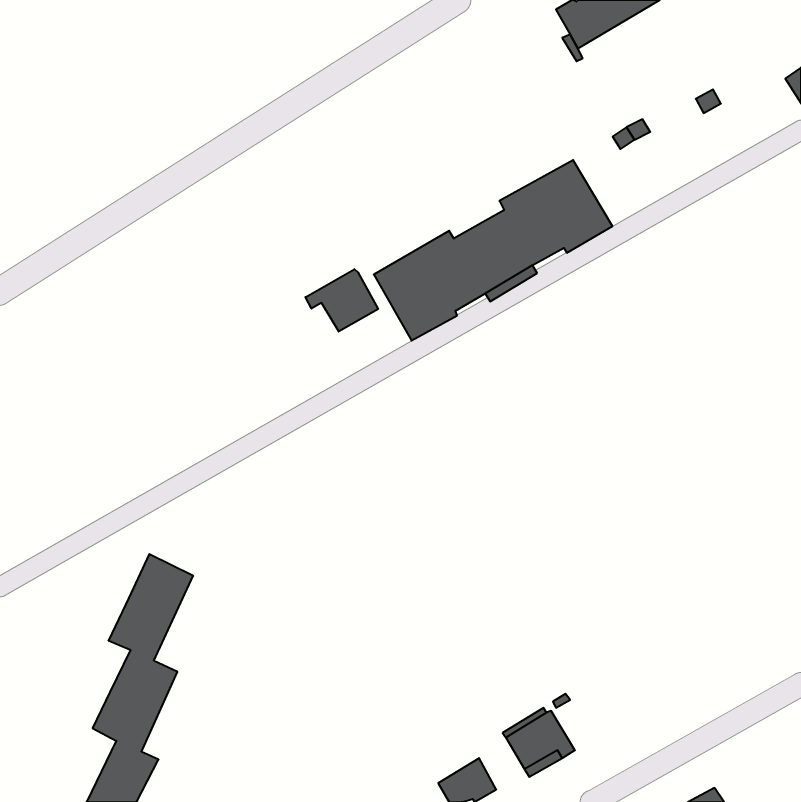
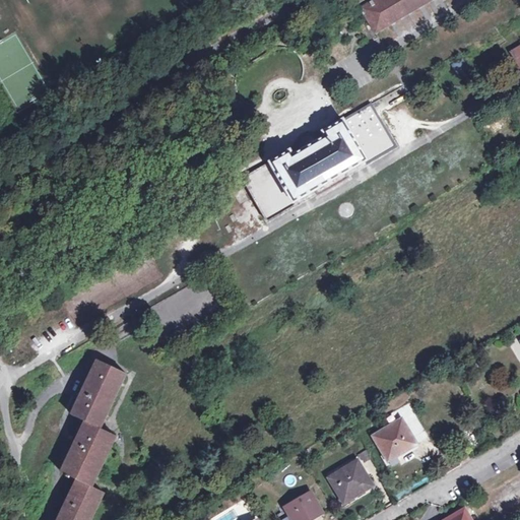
building: [305,269,378,332] -> none
building: none -> [372,419,415,461]

